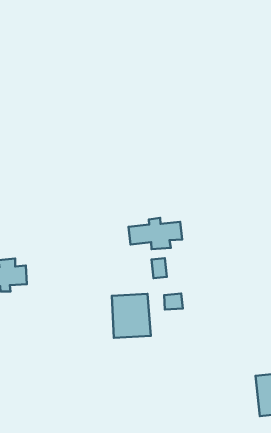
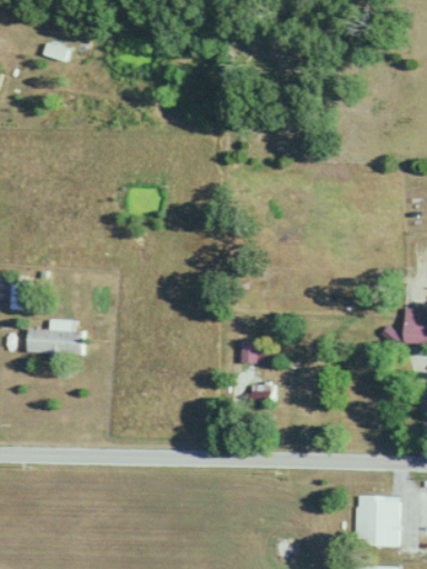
building: [129,218,182,249] -> none
building: [112,294,151,338] -> none

